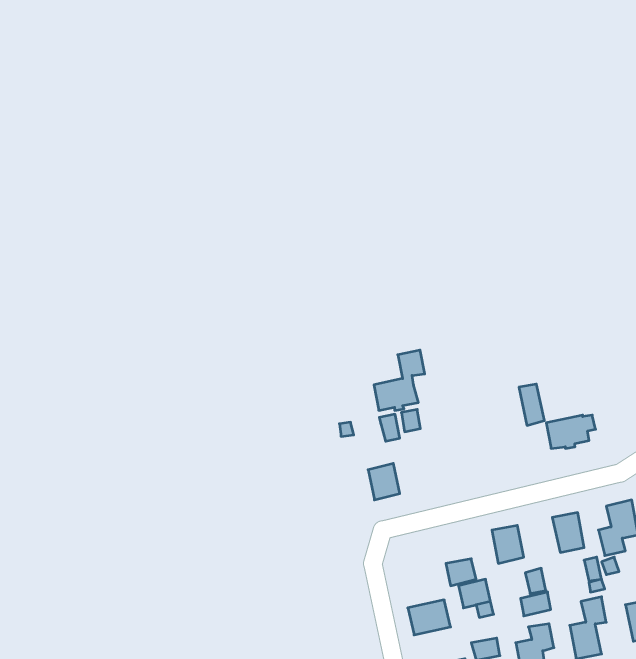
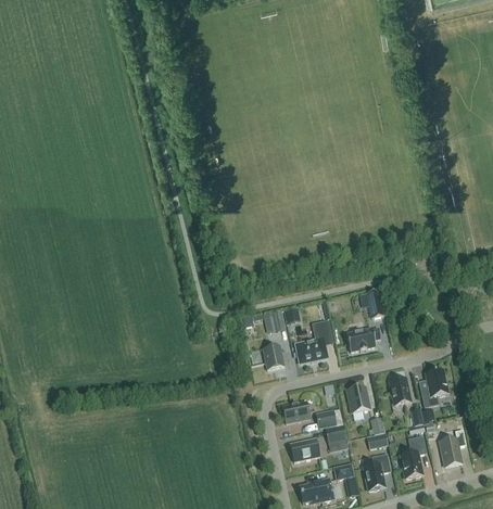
building: [374,350,425,410] -> [296,320,331,361]
building: [546,415,596,448] -> [346,328,380,351]
building: none -> [282,400,309,423]

